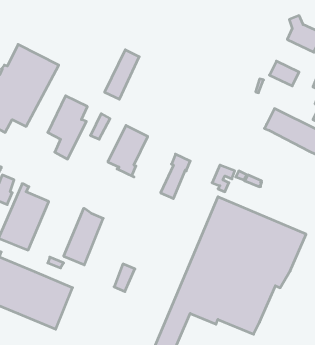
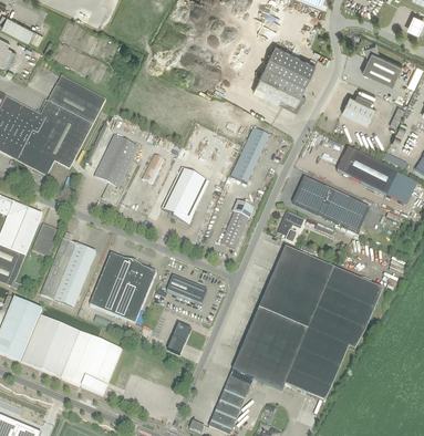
building: none -> [252,44,316,112]
building: [105,50,139,99] -> [230,127,269,183]
building: none -> [292,177,370,232]
building: none -> [90,252,134,313]
building: none -> [167,276,207,303]

